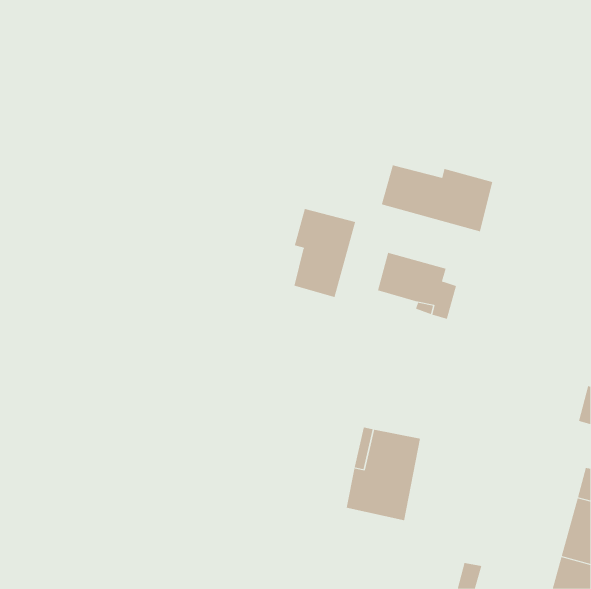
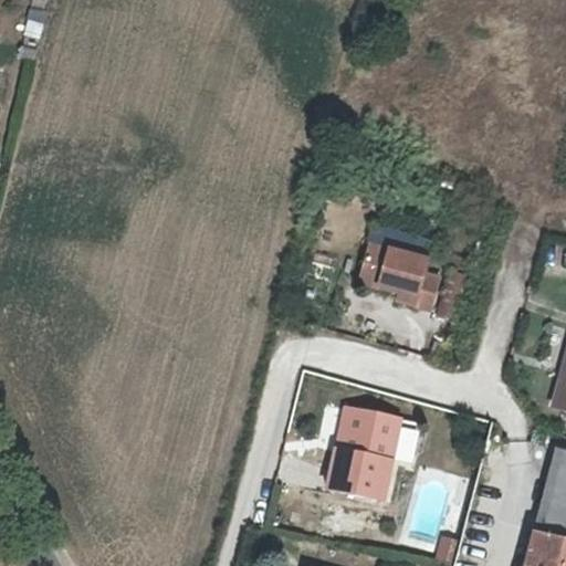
building: [381,165,493,232] -> none
building: [294,208,356,298] -> none

